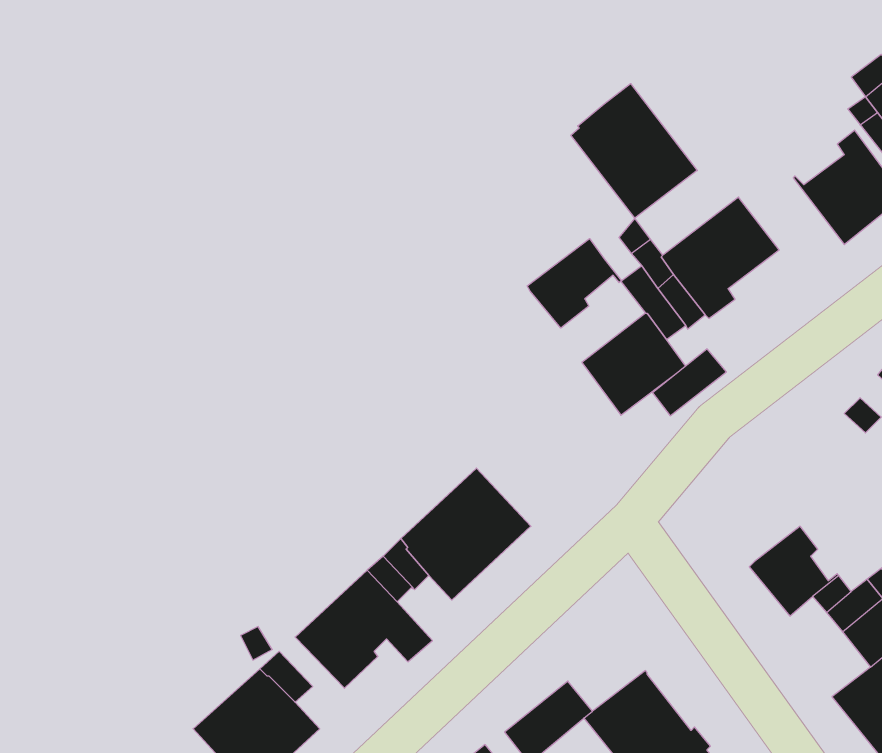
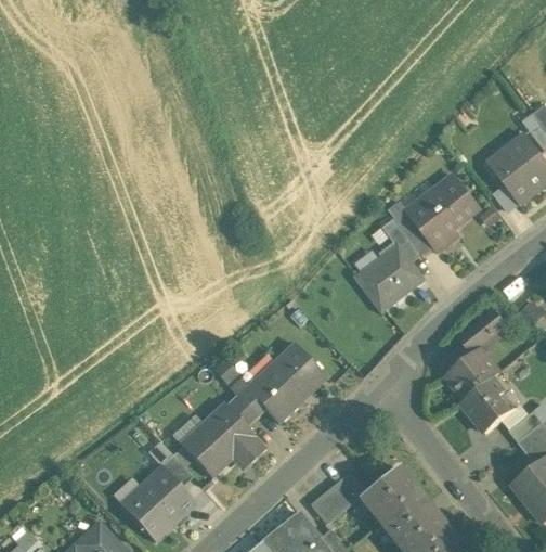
building: [571,84,697,218] -> none
building: [527,239,622,328] -> none
building: [653,349,726,416] -> [460,311,506,352]
building: none -> [447,351,499,400]

